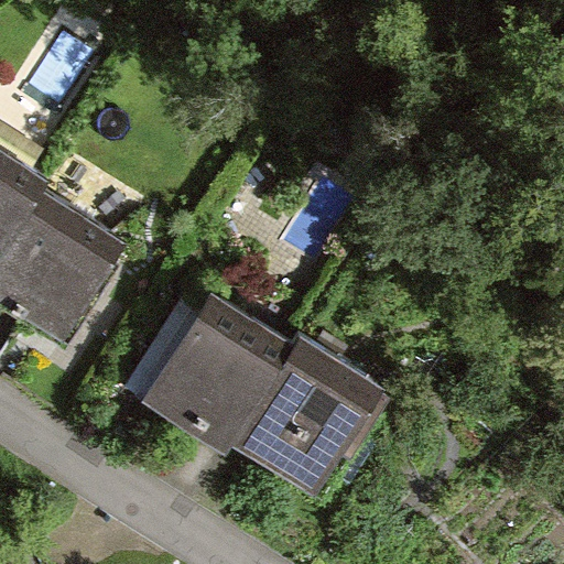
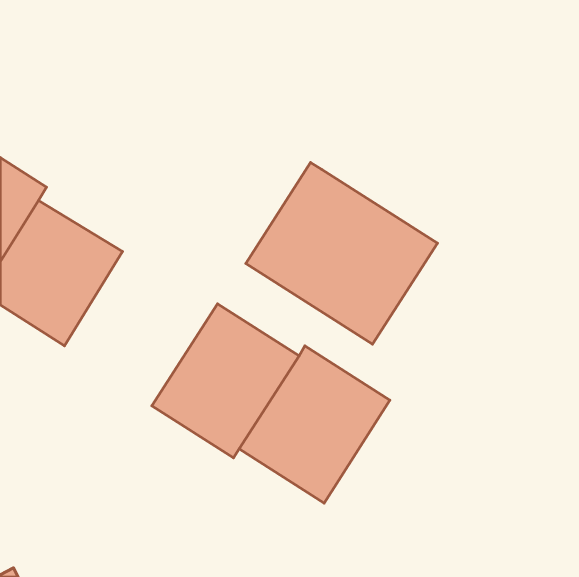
building: none -> [246,162,437,344]

